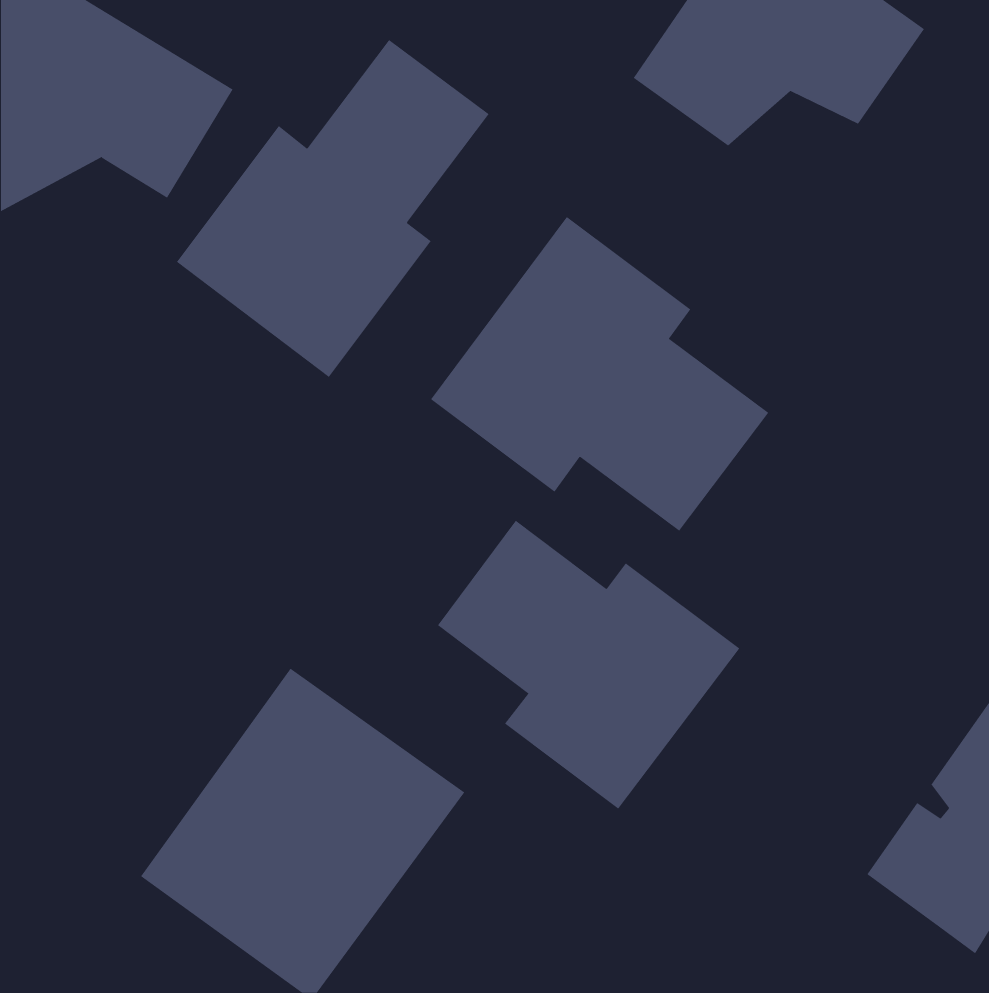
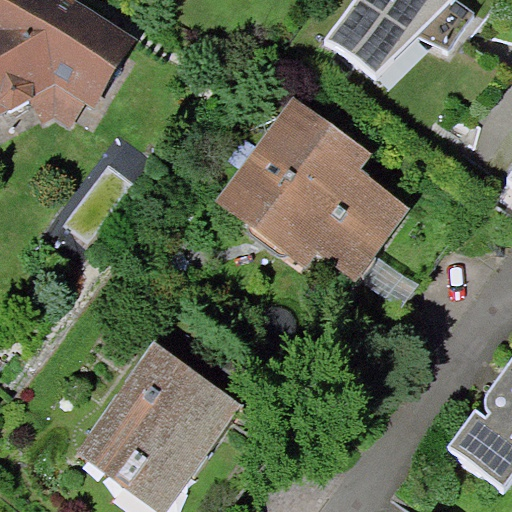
building: [176,39,489,378] -> none
building: [437,520,740,810] -> none

